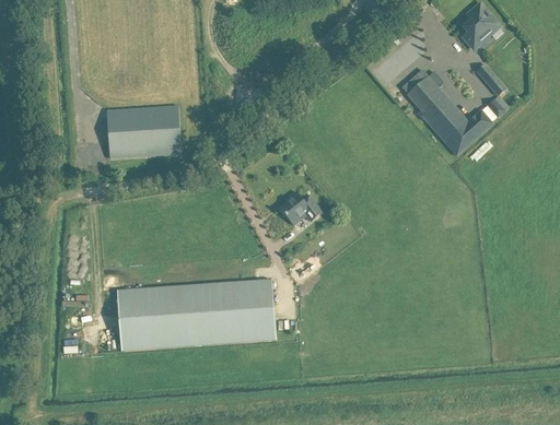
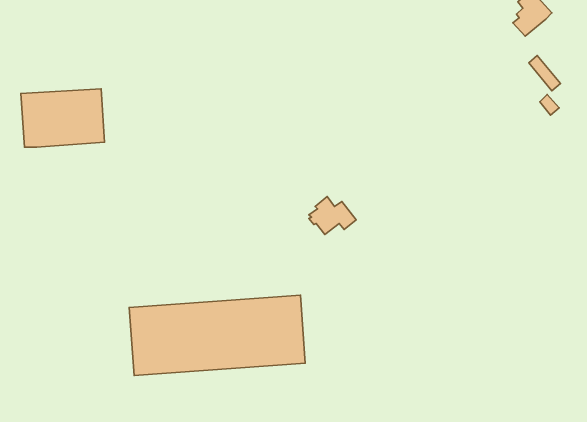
building: [407,78,492,154] -> none
building: [106,105,182,157] -> [21,89,105,147]

